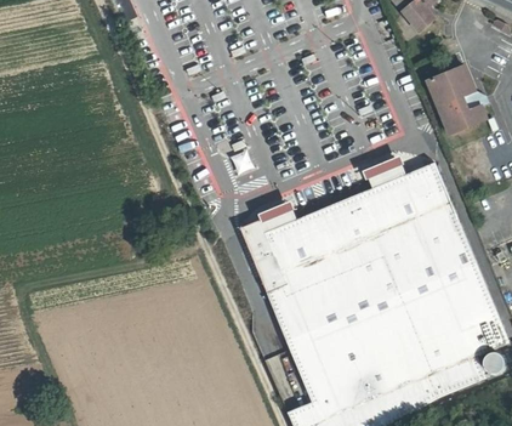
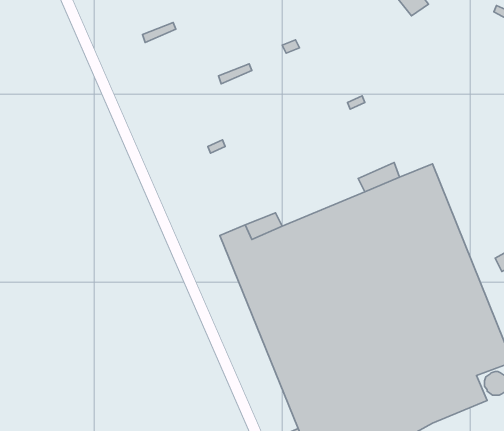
building: [426,63,484,130] -> none

